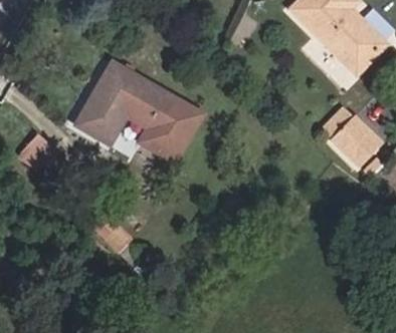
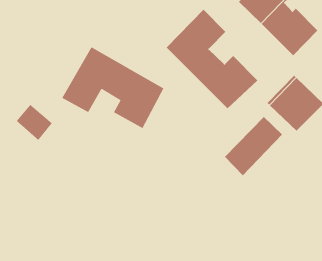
building: none -> [166,9,258,109]
building: none -> [224,116,283,176]

